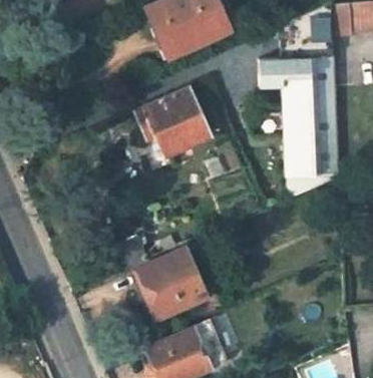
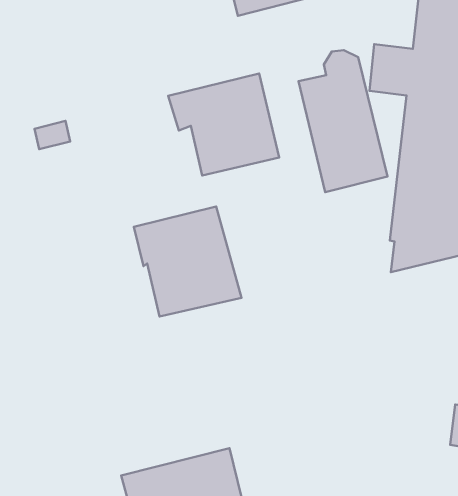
building: none -> [298,50,387,192]
building: [134,245,208,318] -> [134,206,242,317]

